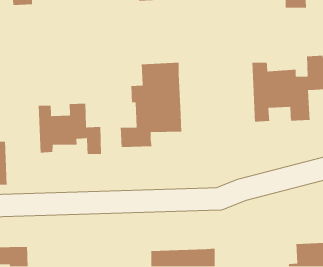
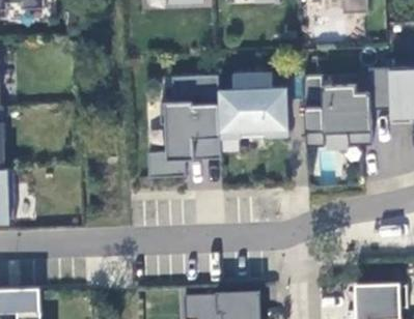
building: none -> [218,71,287,137]
building: [38,103,102,155] -> none

